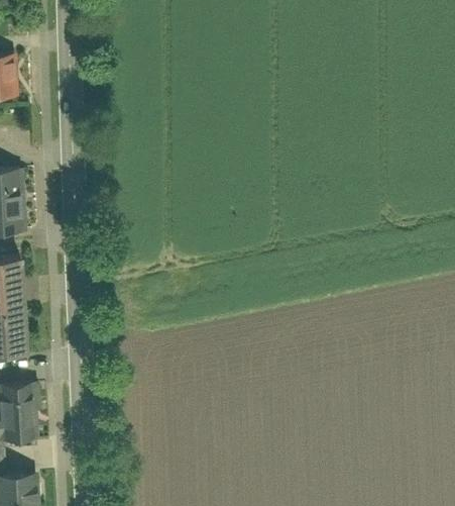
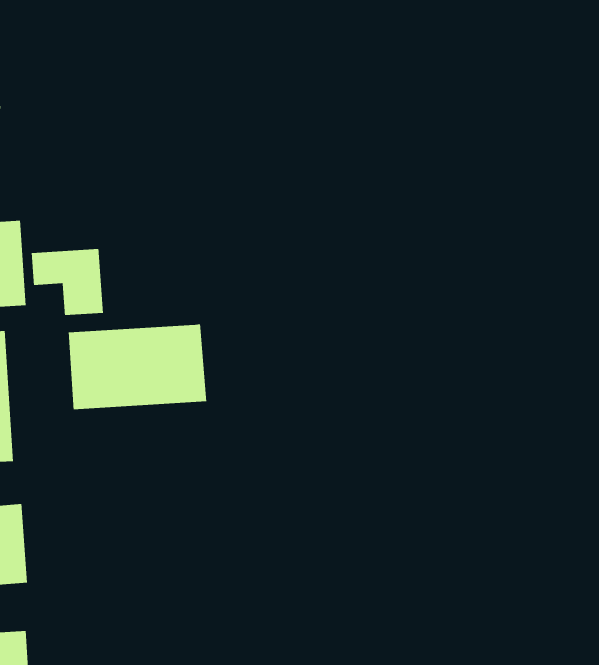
building: none -> [31,248,103,316]
building: none -> [68,324,207,410]

